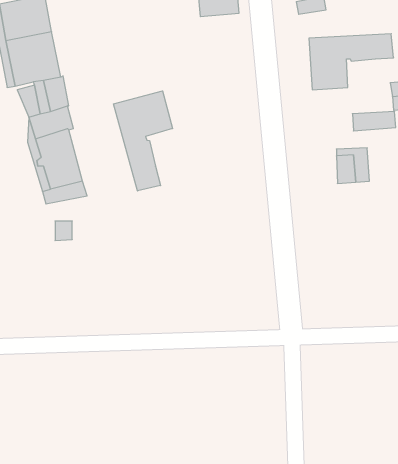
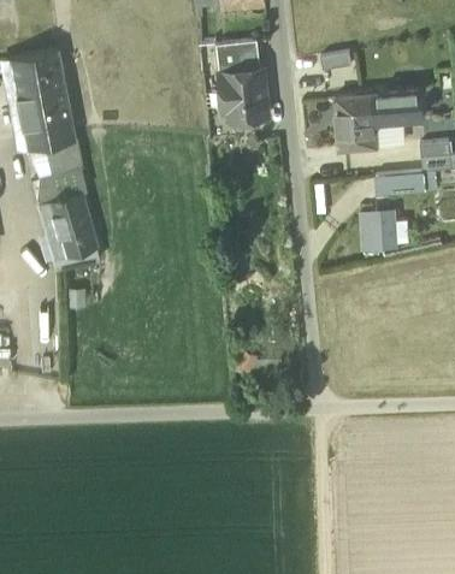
building: none -> [219,66,267,124]
building: none -> [373,116,404,146]
building: [114,91,173,191] -> none

